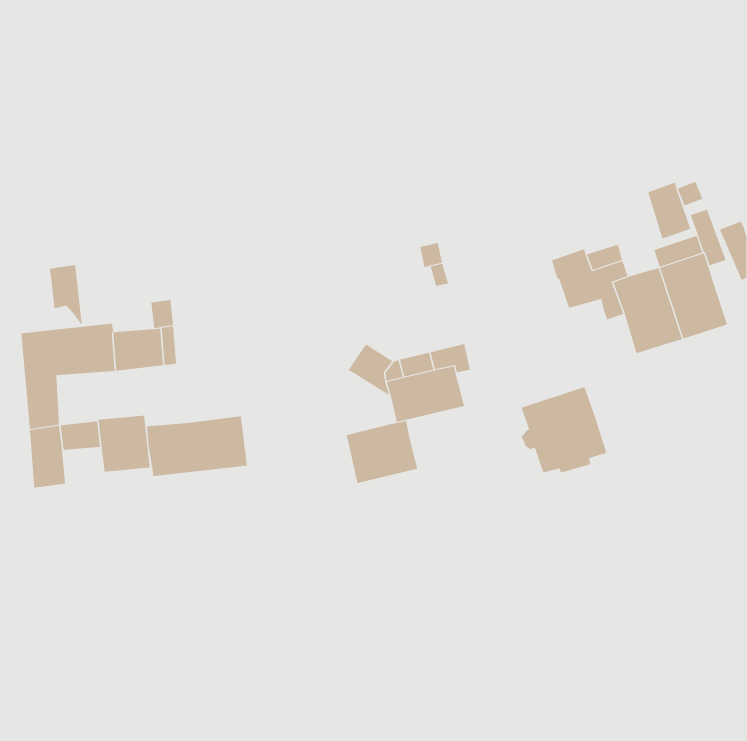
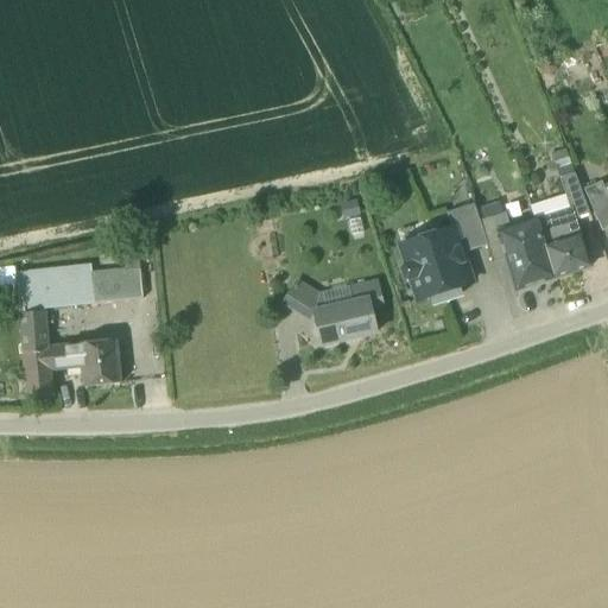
building: [647,182,690,239] -> none
building: [49,264,82,326] -> none
building: [521,387,607,473] -> [401,227,471,297]
building: [147,415,248,477] -> none
building: [346,420,418,484] -> none

